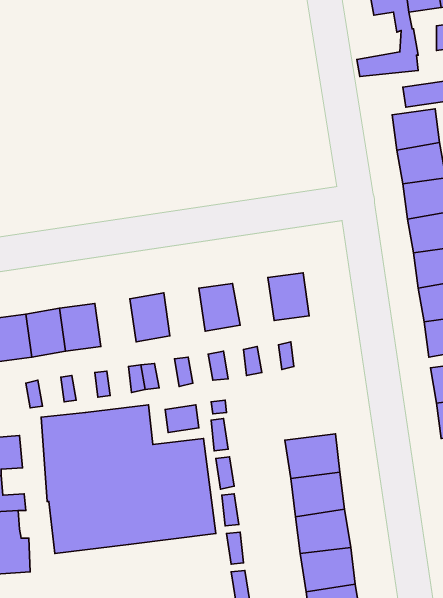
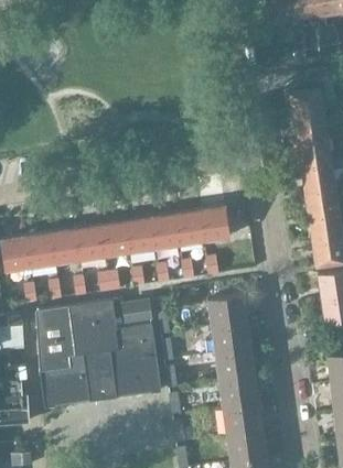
building: none -> [174,209,204,243]
building: none -> [125,217,154,251]
building: none -> [75,225,105,259]
building: none -> [208,294,248,326]

